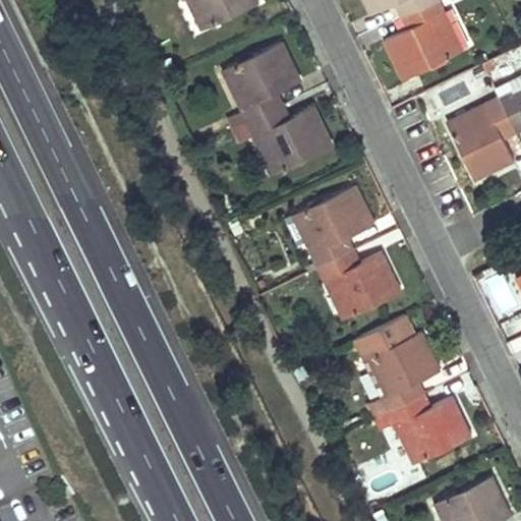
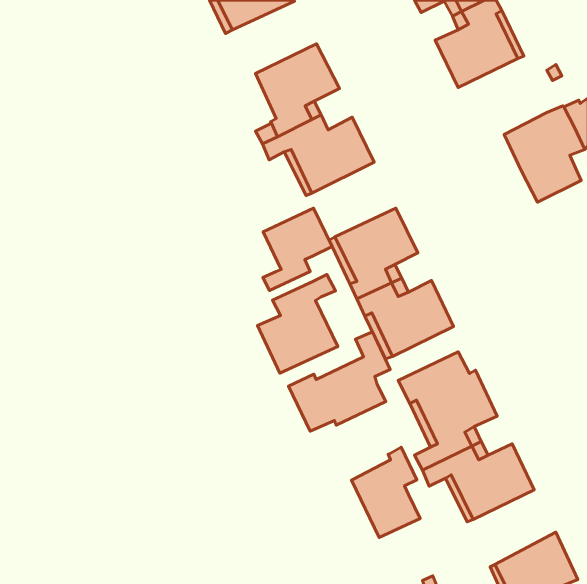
building: none -> [263,208,332,291]
building: none -> [257,274,338,373]
building: none -> [289,332,390,431]
building: none -> [351,447,420,537]

